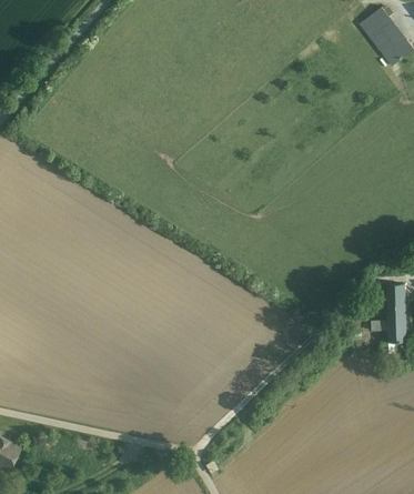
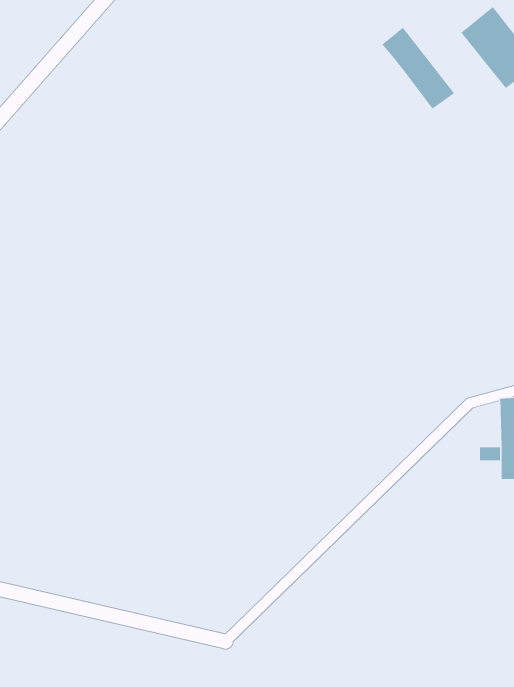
building: none -> [382,27,455,109]

